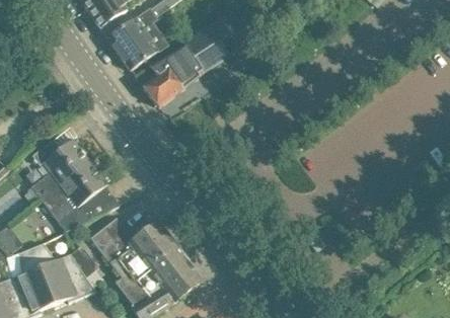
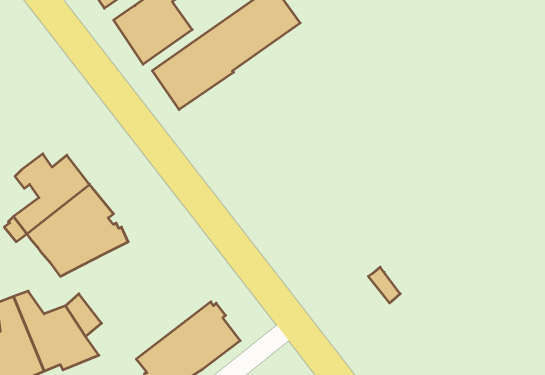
building: [91,217,181,294] -> none

